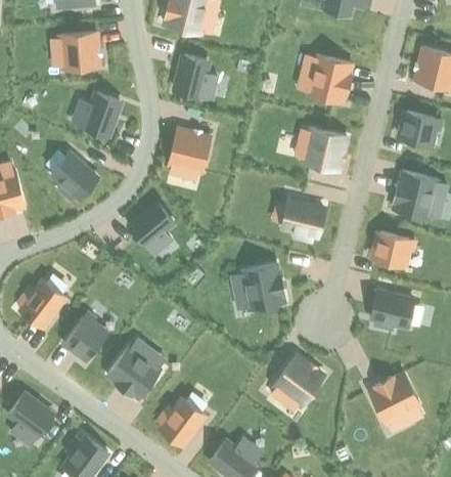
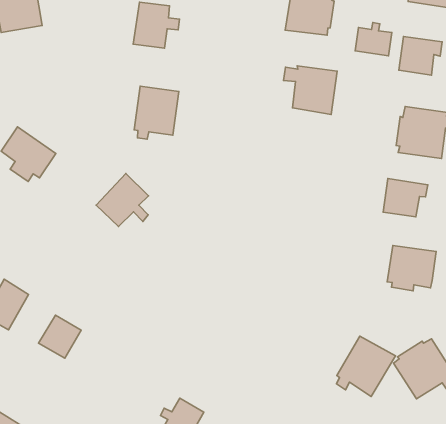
building: [77,92,121,138] -> none
building: none -> [355,22,392,56]
building: [280,199,325,237] -> none
building: [231,265,285,310] -> none
building: [107,340,159,398] -> none
building: [271,354,324,407] -> [337,336,395,397]

